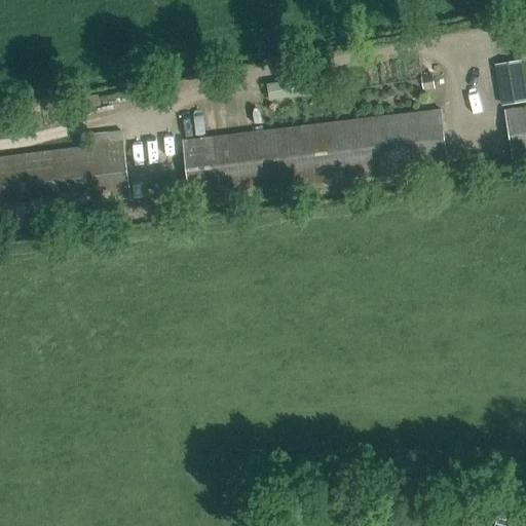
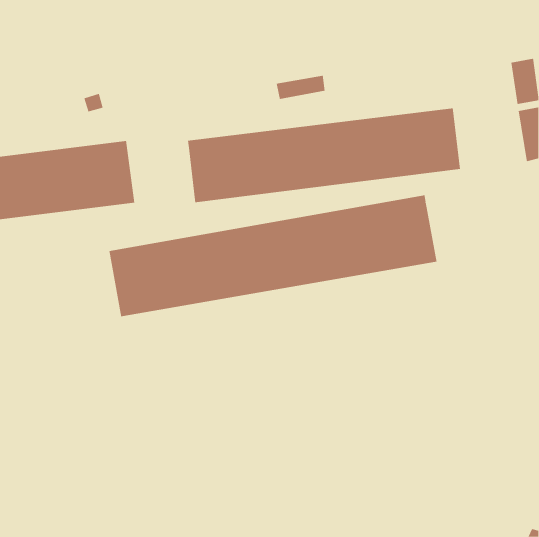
building: none -> [109,194,437,317]

